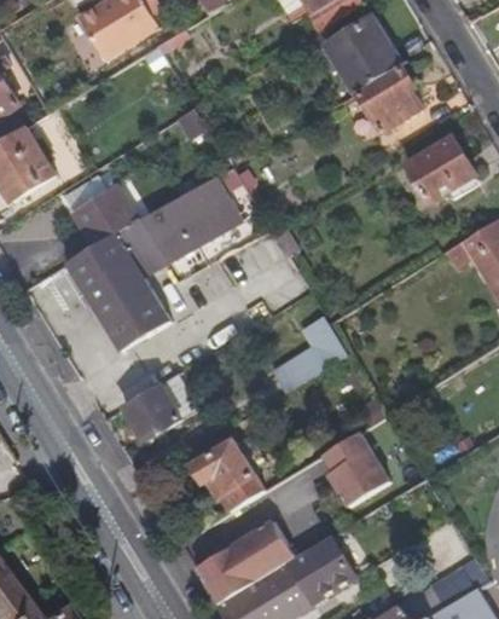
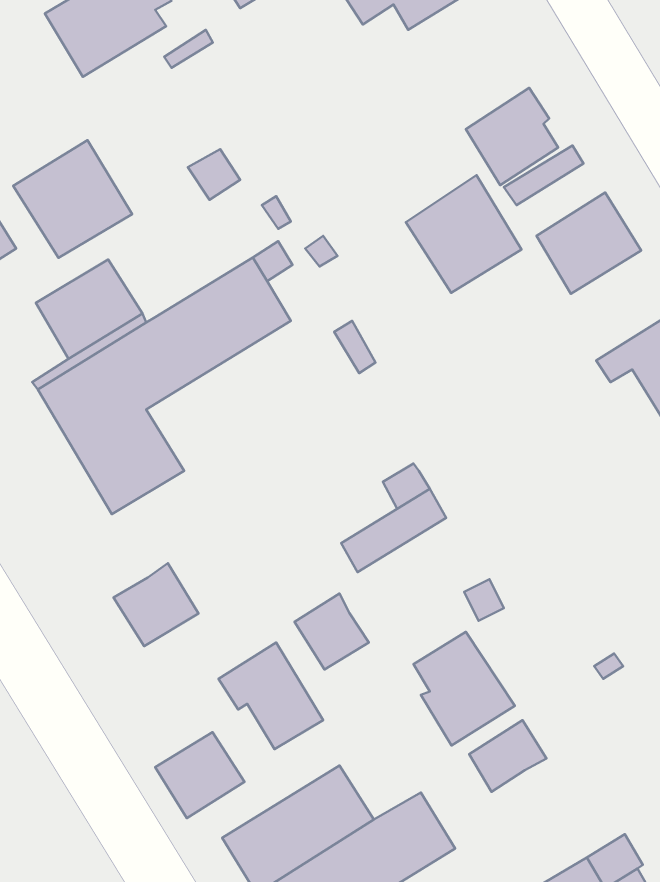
building: [324,13,401,92] -> [406,175,522,293]
building: none -> [13,140,132,258]
building: none -> [295,594,369,669]
building: none -> [469,720,546,792]
building: none -> [155,732,245,818]

